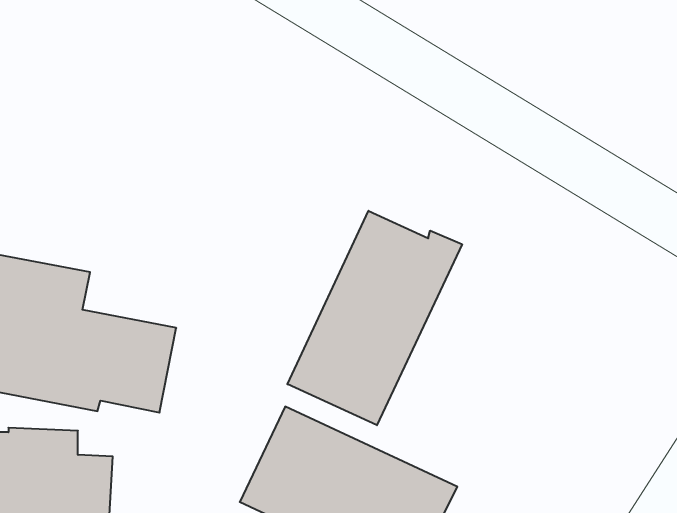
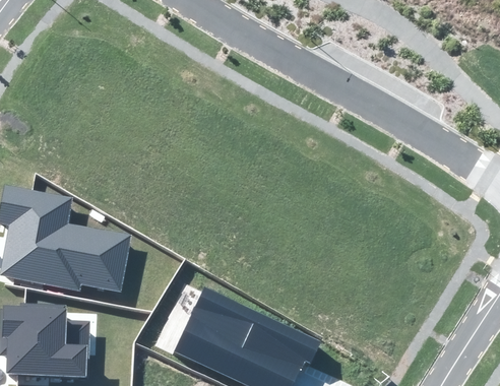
building: [287,211,462,425] -> none

